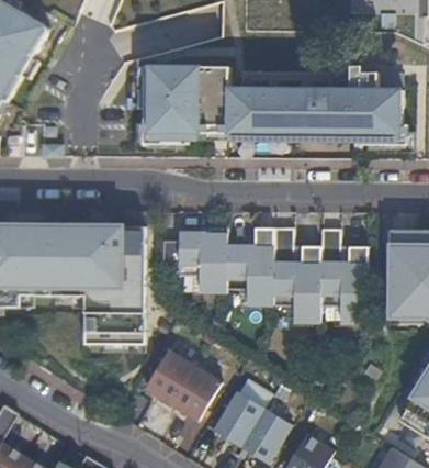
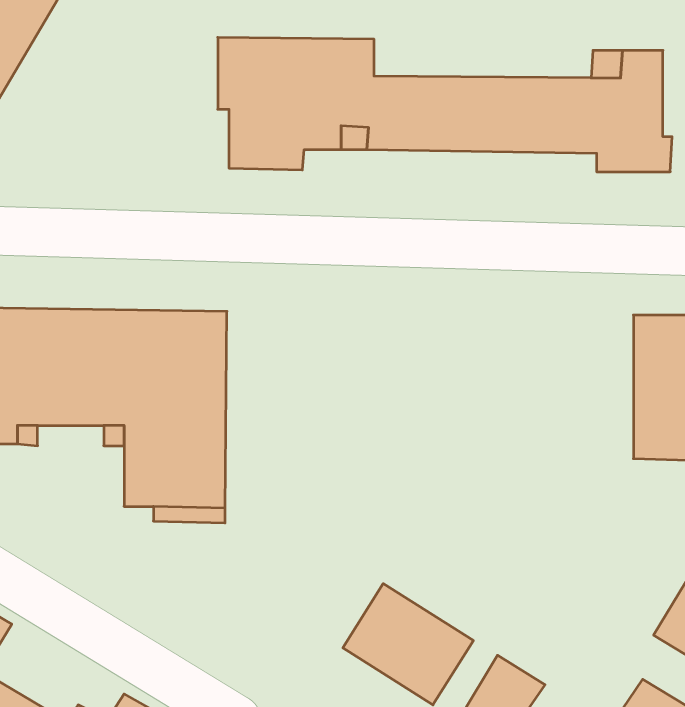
building: [159,226,365,322] -> none
building: [145,348,221,419] -> none

